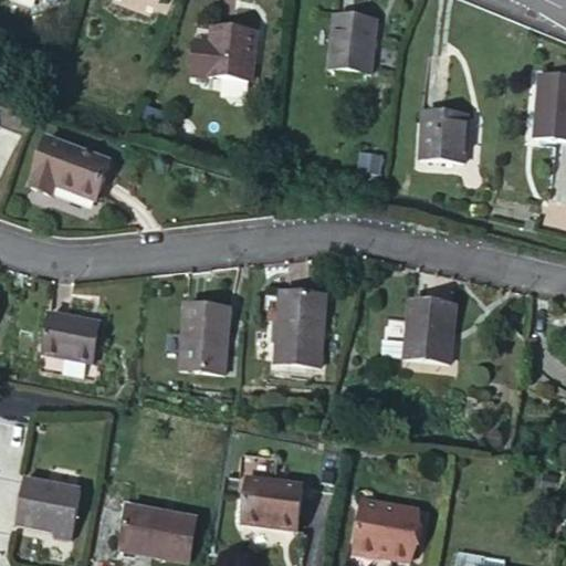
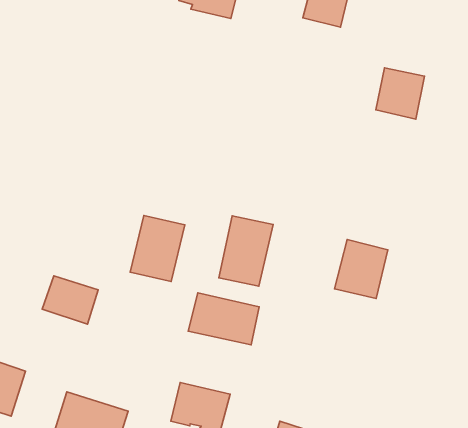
building: [30,139,111,198] -> none
building: [42,312,99,359] -> [42,276,98,324]
building: none -> [188,293,259,345]

